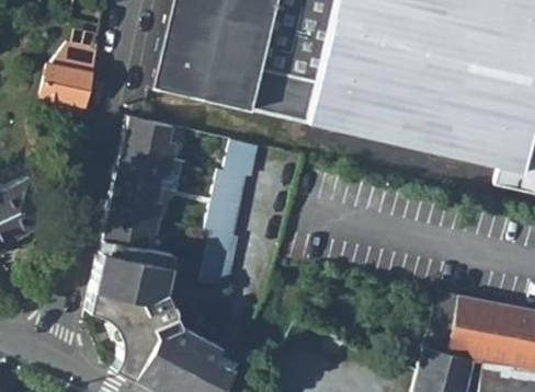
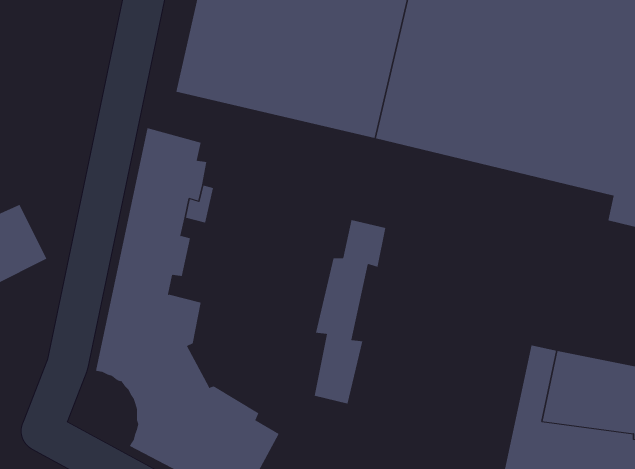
building: [43,44,98,106] -> none
building: [203,139,261,287] -> [314,219,386,404]

